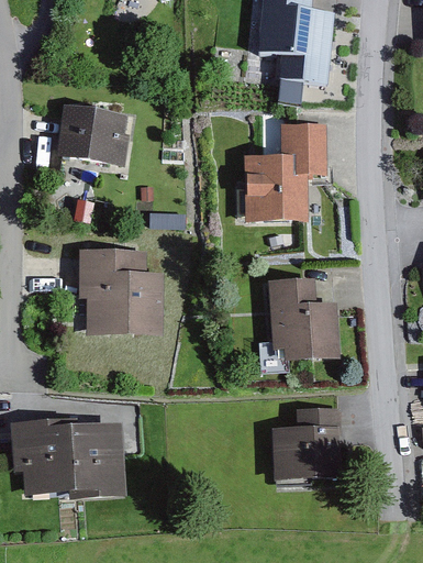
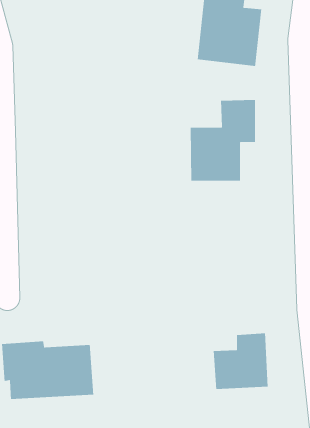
building: [57,107,129,163] -> none
building: [78,250,164,335] -> none
building: [267,277,337,362] -> none

